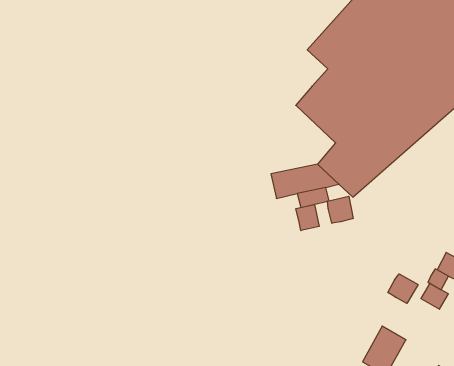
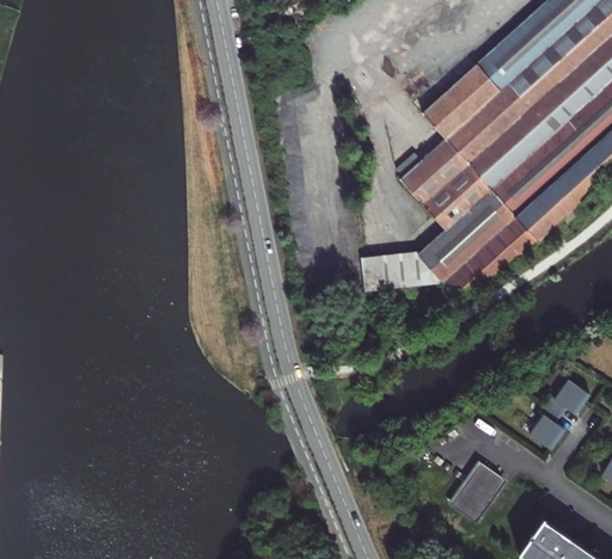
building: [327,196,353,223] -> none
building: [296,204,319,231] -> none
building: [388,274,418,303] -> none

